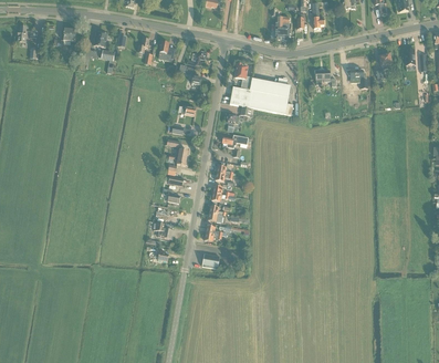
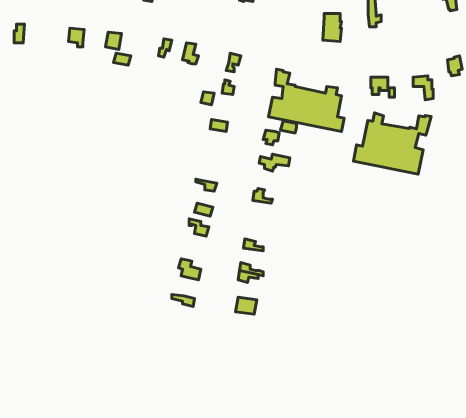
building: none -> [353,113,431,174]

